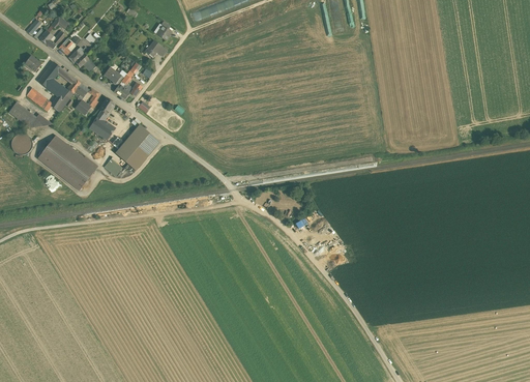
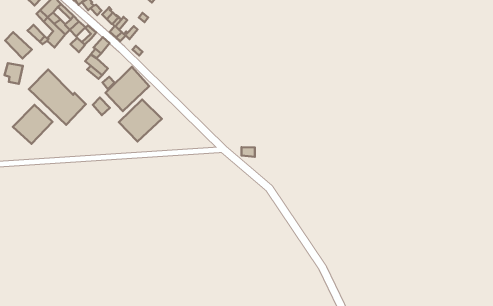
building: none -> [119,100,162,141]
building: none -> [13,105,52,144]

